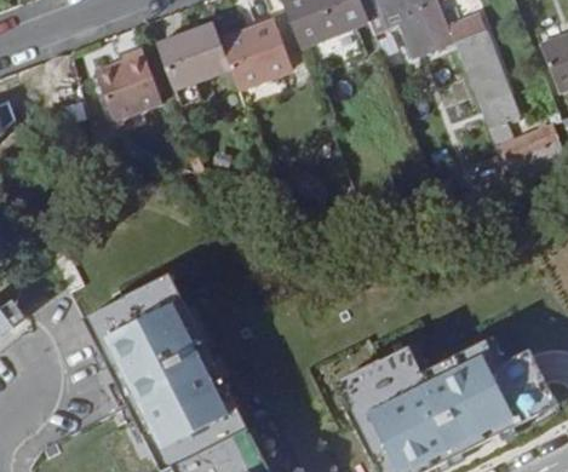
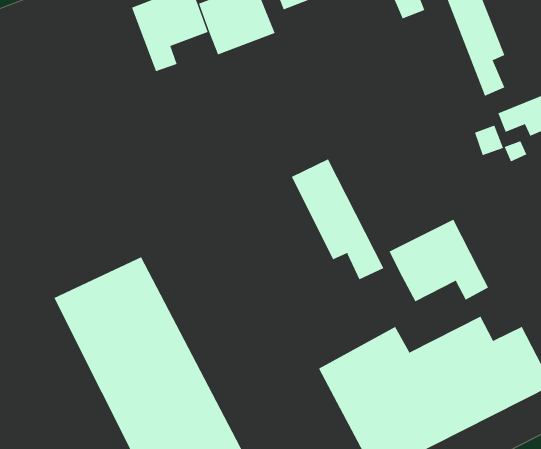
building: [98,50,162,122] -> none
building: none -> [291,159,384,280]
building: none -> [389,219,489,302]

